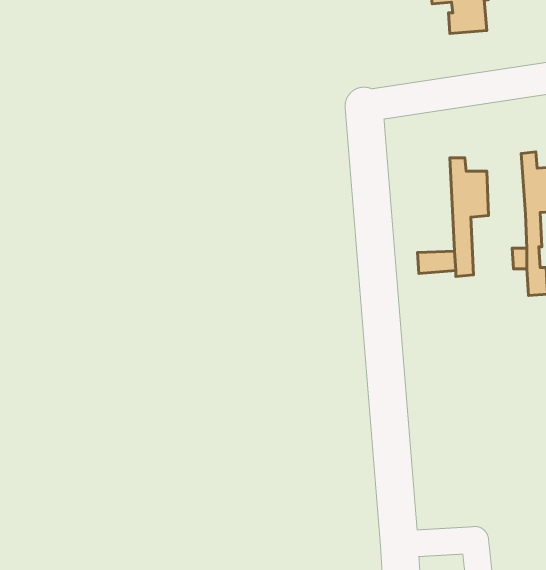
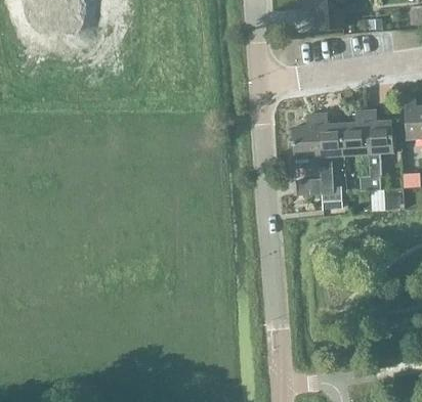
building: none -> [342,110,369,153]
building: none -> [293,114,319,157]

